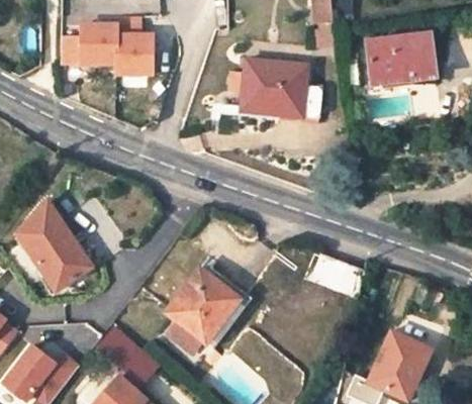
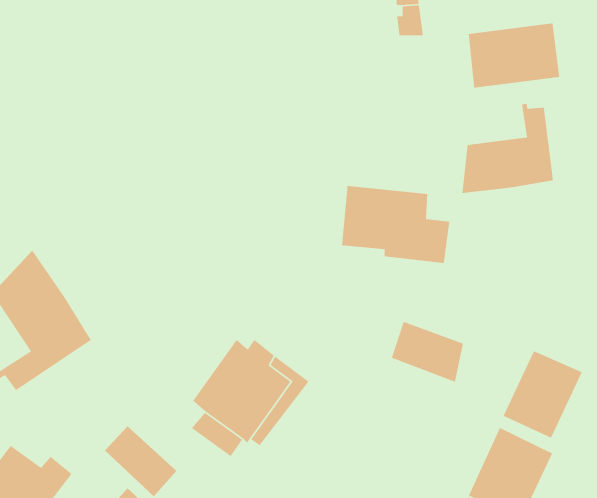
building: [63,24,155,75] -> none
building: [243,60,322,117] -> [341,185,450,264]
building: none -> [461,103,554,194]
building: none -> [502,350,583,439]

